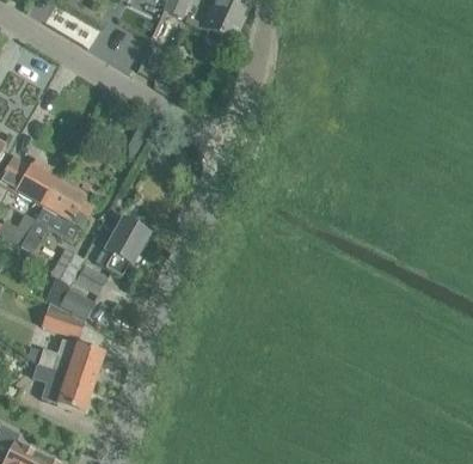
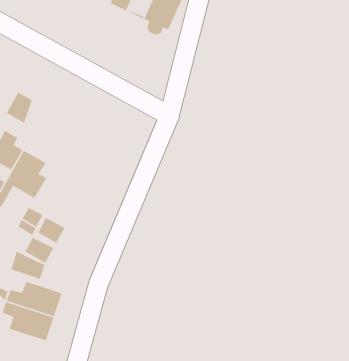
building: none -> [6,92,33,124]
building: [94,219,149,276] -> none

